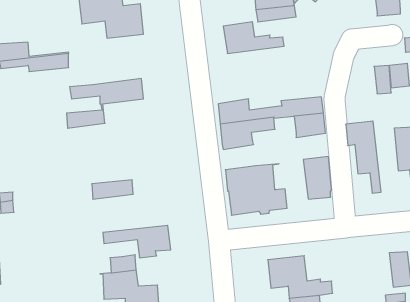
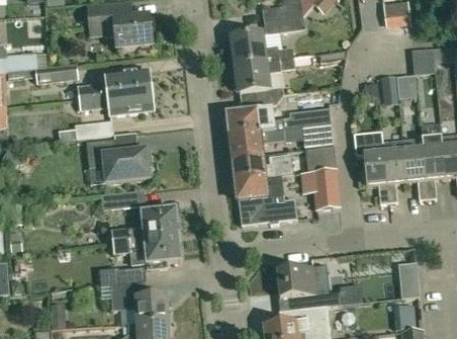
building: none -> [234,57,293,105]
building: none -> [77,69,150,97]
building: none -> [85,139,150,183]
building: none -> [382,139,406,202]
building: none -> [305,145,337,171]
building: none -> [232,155,287,180]
building: none -> [110,207,176,243]

